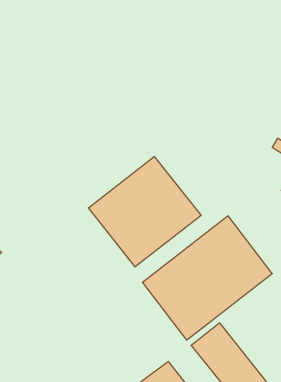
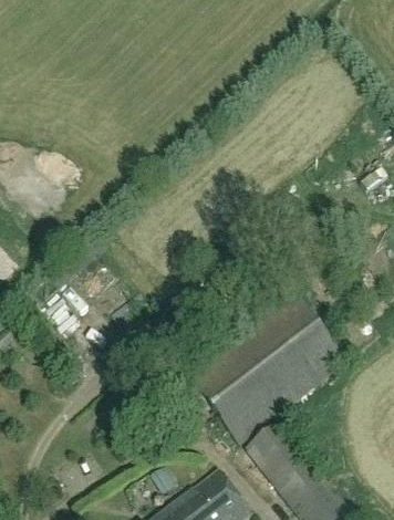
building: [88,156,201,267] -> none

